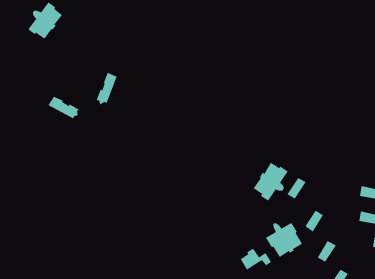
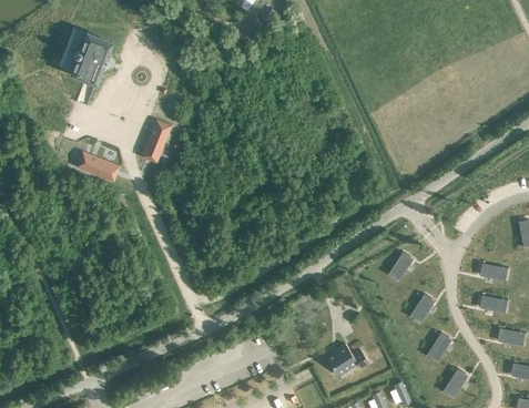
building: [253,162,289,201] -> none
building: [265,222,303,258] -> none

